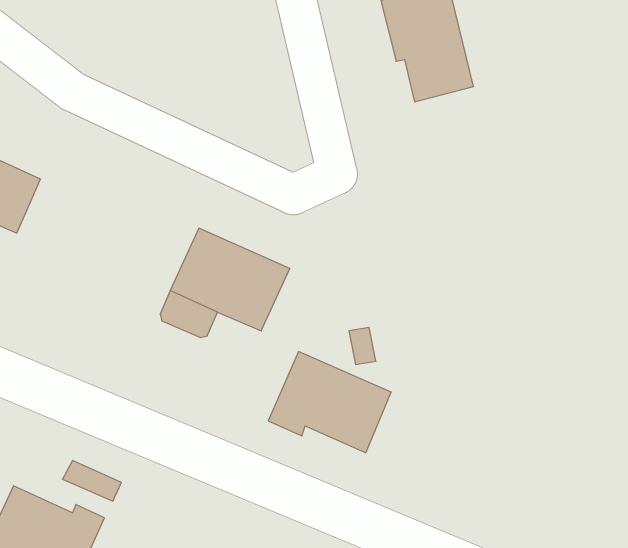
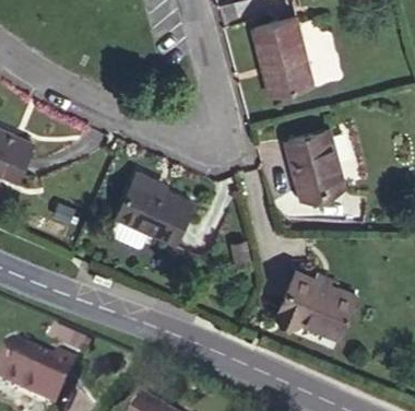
building: none -> [286,128,343,195]
building: [268,352,391,453] -> [276,269,356,334]

